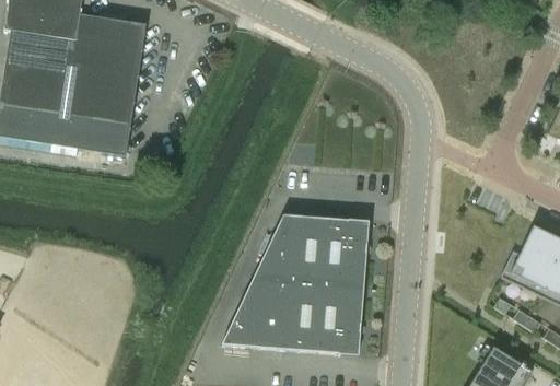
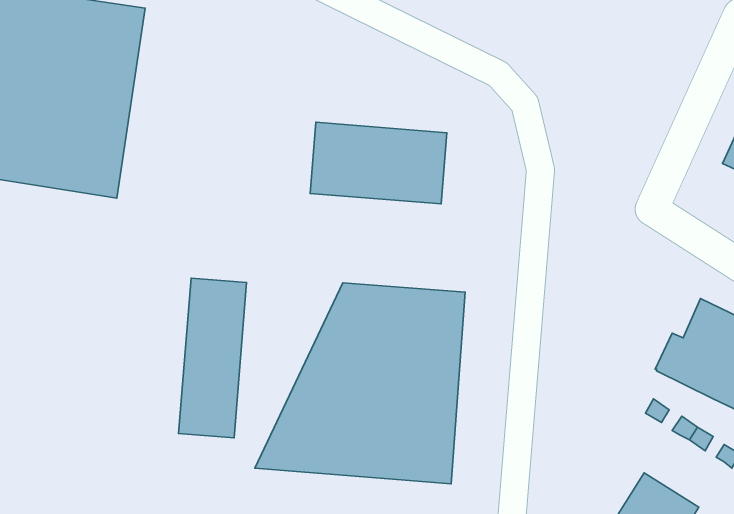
building: none -> [310,122,447,204]
building: none -> [179,278,247,438]

